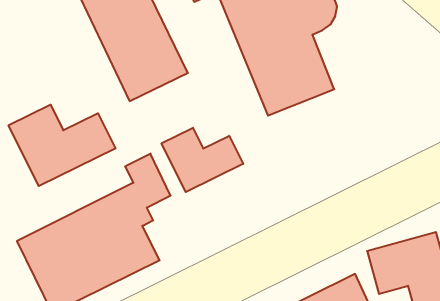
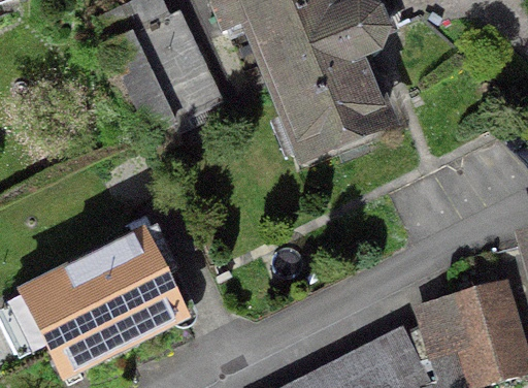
building: [9,105,116,186] -> none
building: [162,128,243,192] -> none

